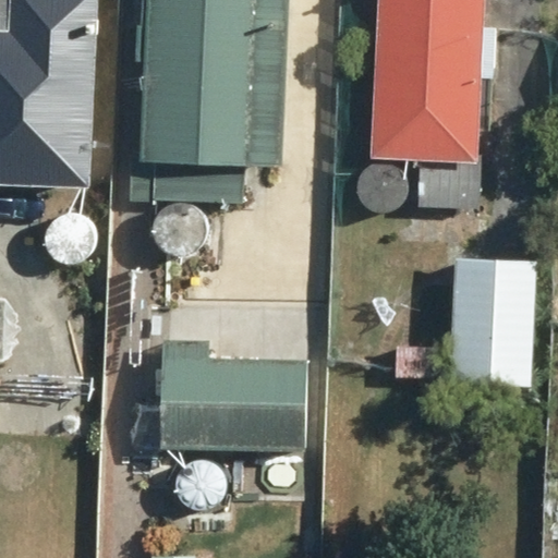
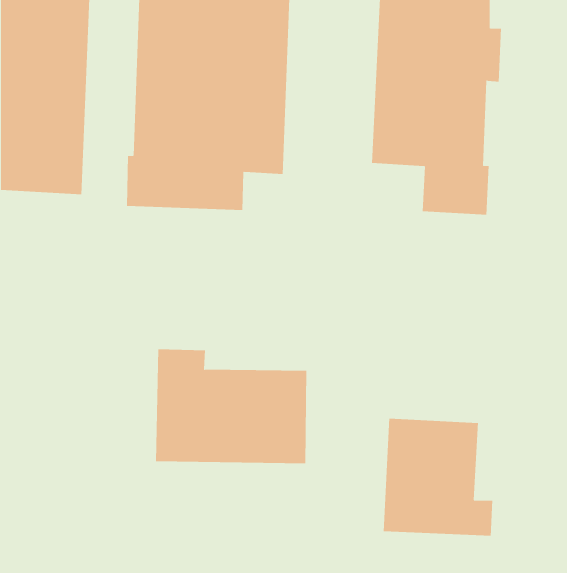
building: [393,255,535,387] -> none
building: none -> [383,418,493,536]

